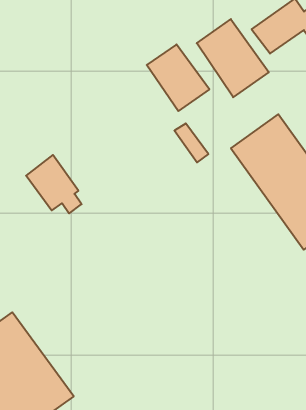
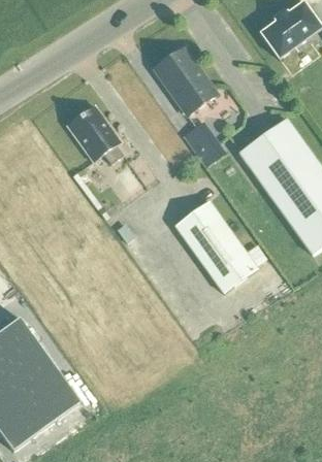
building: [197,19,269,97] -> none
building: [26,155,82,213] -> [68,104,124,163]
building: none -> [175,200,258,292]

